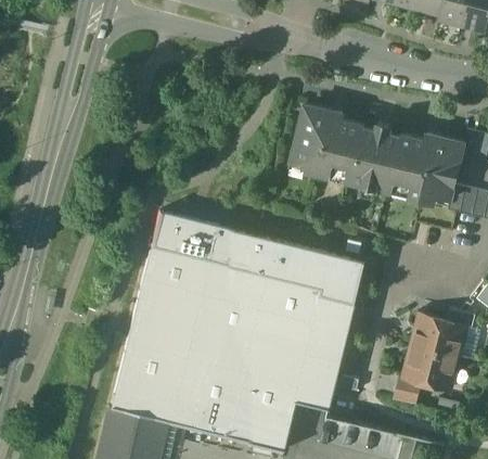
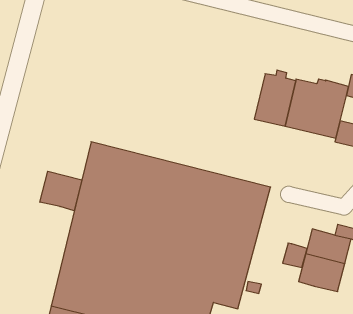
building: [291,104,363,182] -> none
building: none -> [40,171,82,211]
building: [393,375,422,405] -> [283,243,307,268]

